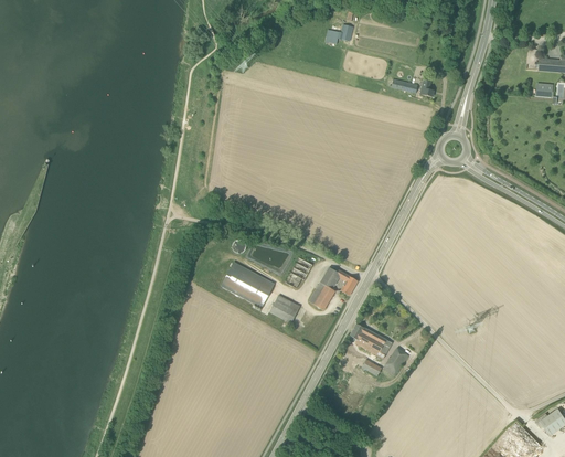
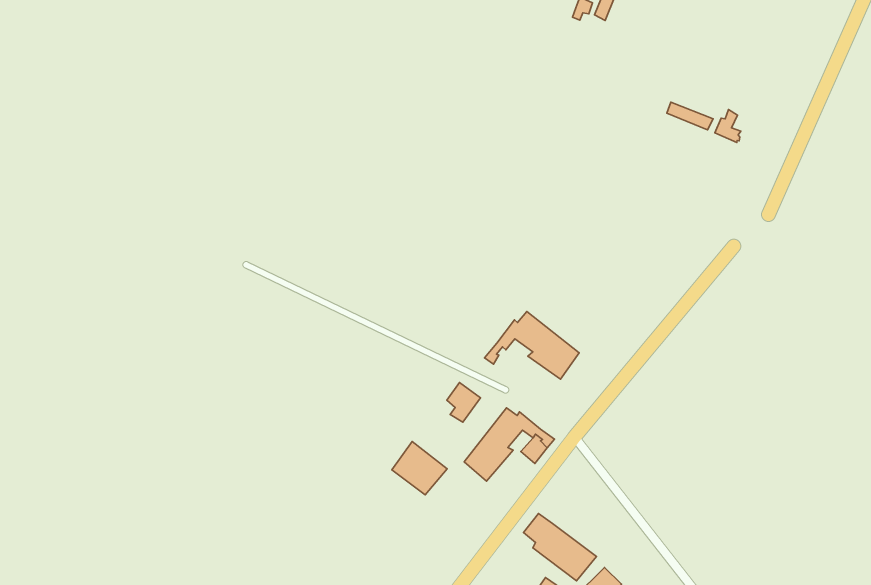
building: none -> [485,312,579,379]
building: [221,261,275,307] -> none

